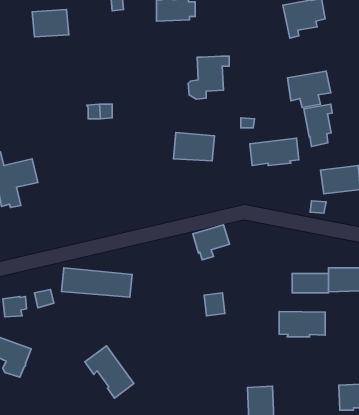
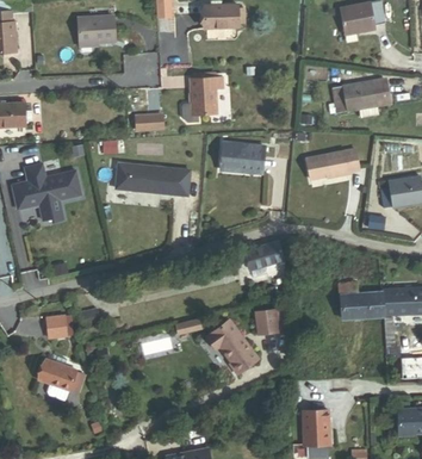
building: [188,56,229,99] -> [179,76,222,122]
building: [304,104,332,146] -> none
building: [61,268,132,297] -> [118,165,192,196]
building: [279,311,325,337] -> none
building: [85,346,134,398] -> [206,321,257,376]

